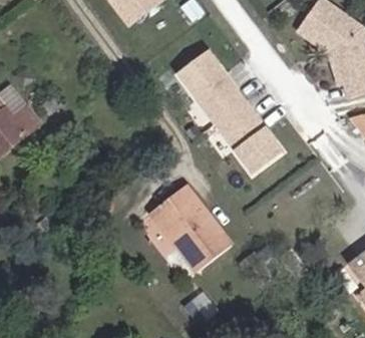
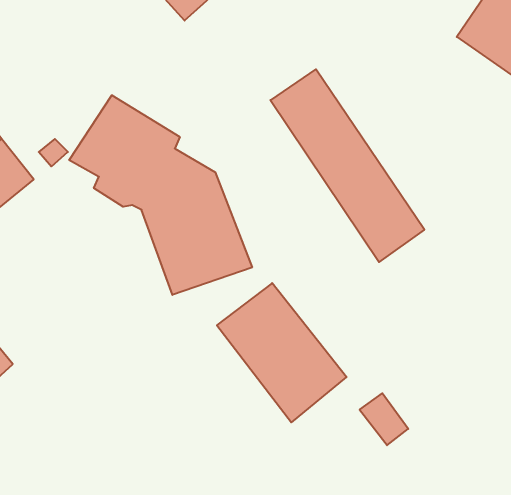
building: none -> [69,95,252,295]

